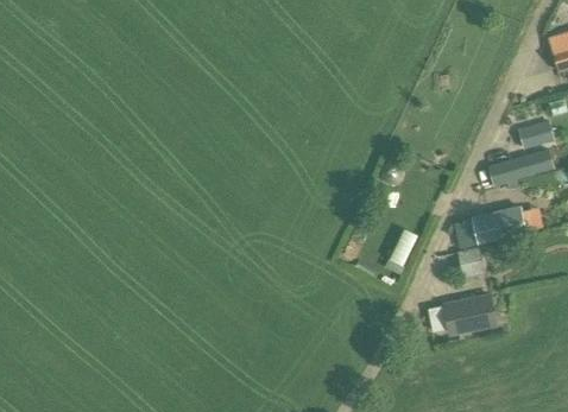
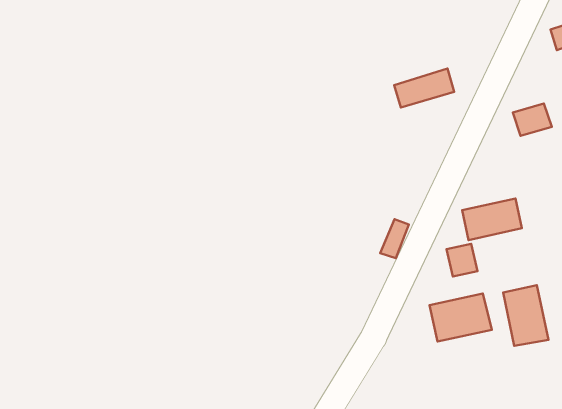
building: [487,150,542,185] -> [394,68,454,107]
building: none -> [503,285,549,346]

